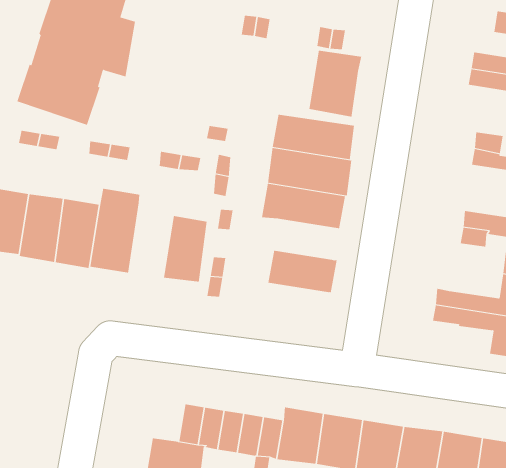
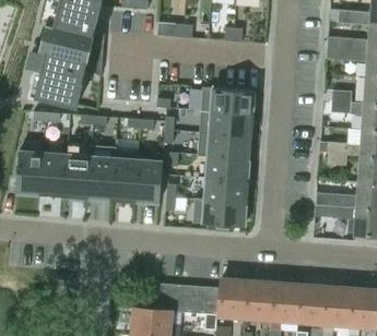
building: [309,50,362,118] -> none
building: none -> [111,154,138,203]
building: none -> [205,157,248,181]
building: none -> [191,199,245,227]

